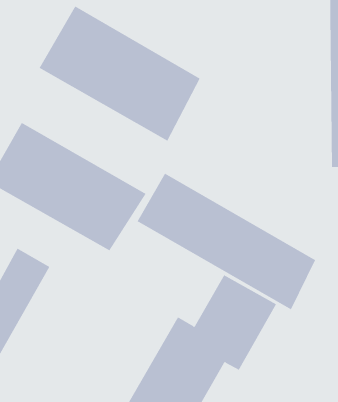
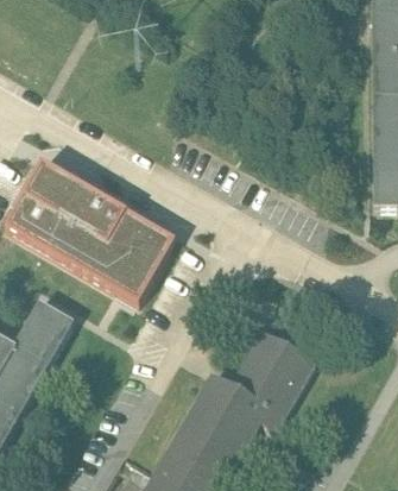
building: [39,5,200,142] -> none
building: [137,173,316,310] -> none

